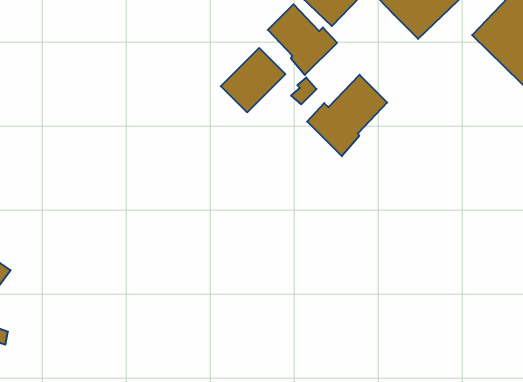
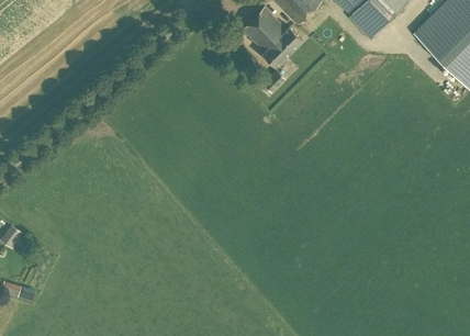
building: [221,48,285,112] -> none
building: [307,75,387,156] -> none

